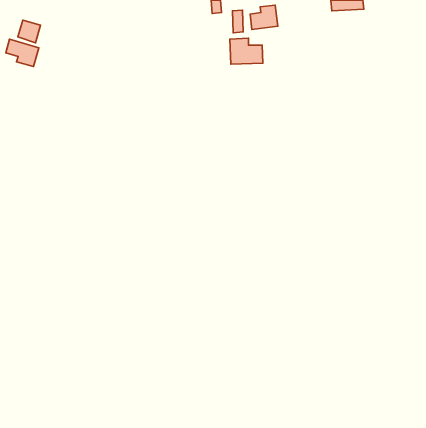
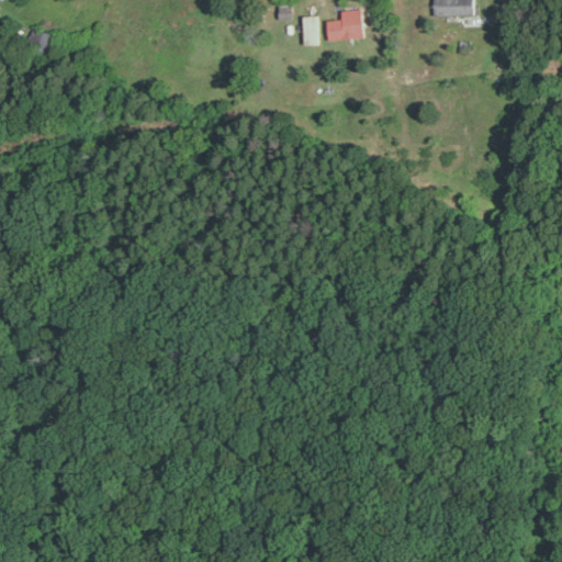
building: [230,38,263,64] -> none
building: [6,39,39,67] -> none

